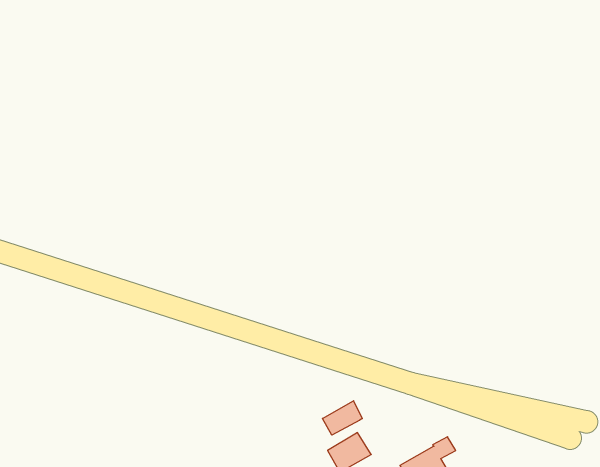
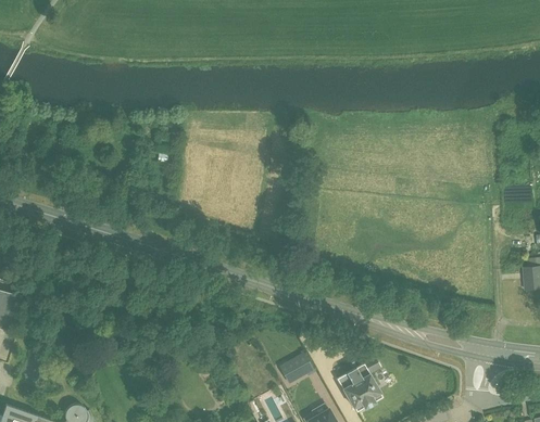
building: [322,401,362,435] -> none

